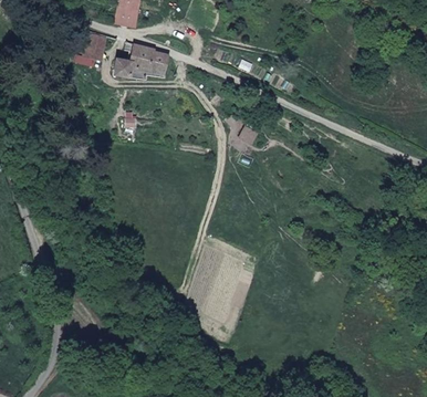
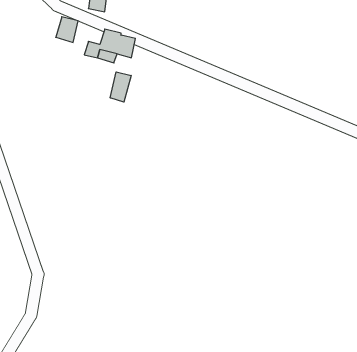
building: none -> [110,72,131,102]

